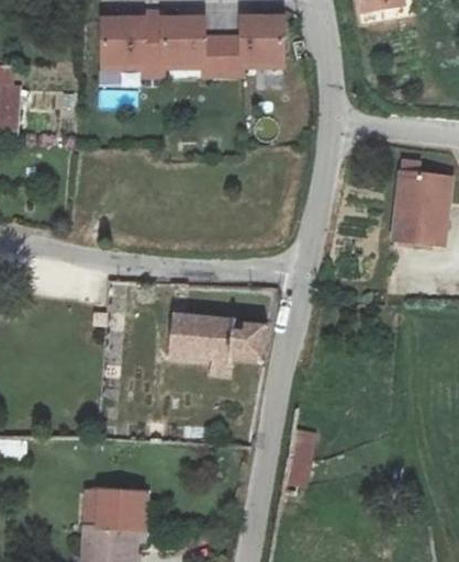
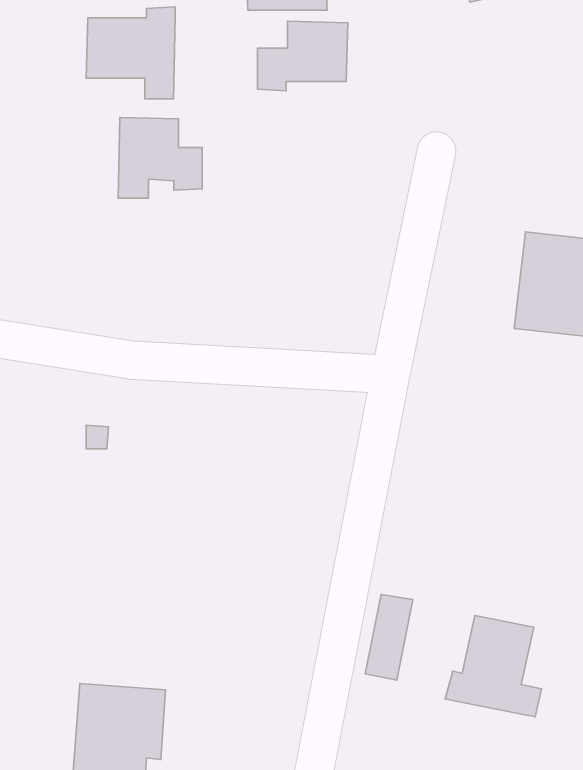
building: [157,19,215,75] -> [118,117,202,198]
building: [171,315,260,364] -> none
building: none -> [445,616,541,717]

